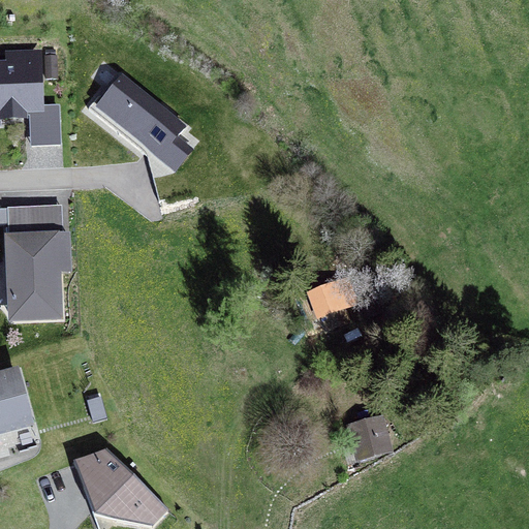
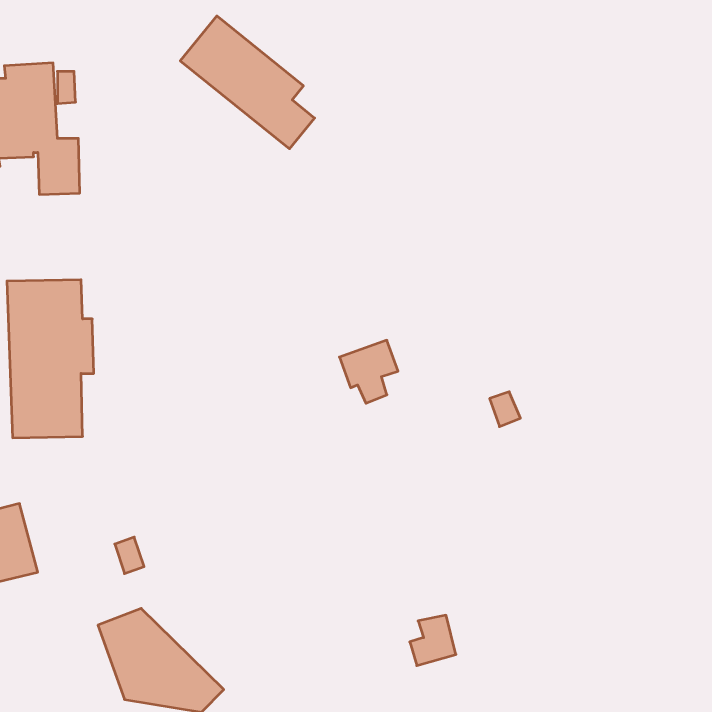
building: [93,71,192,169] -> [180,16,315,149]
building: [310,279,353,325] -> [339,340,398,403]
building: [352,419,386,457] -> [410,615,456,666]

